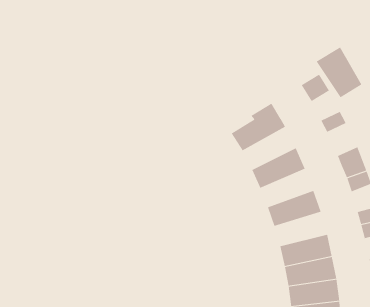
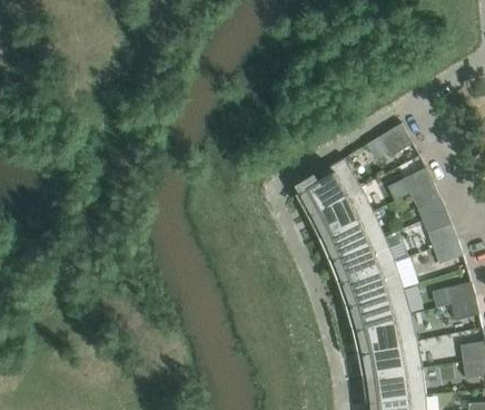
building: [316,47,362,98] -> none
building: none -> [410,183,447,222]
building: none -> [309,187,374,238]
building: none -> [330,232,409,283]
building: none -> [347,289,412,330]

